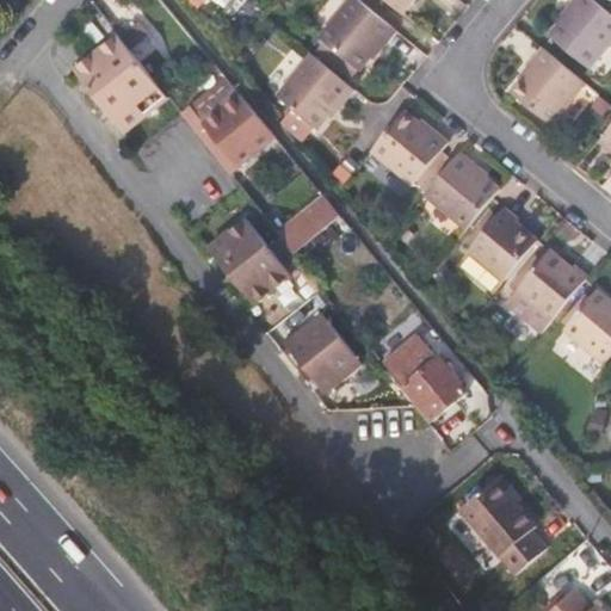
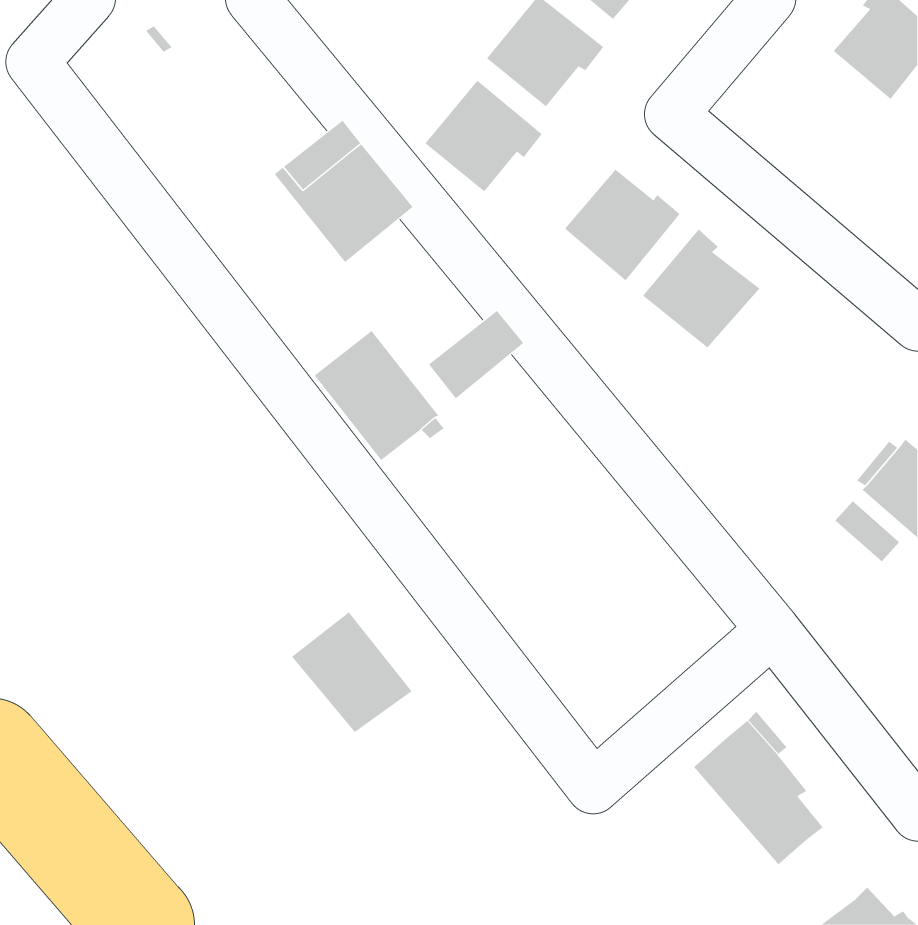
building: [72,35,167,134] -> none
building: [508,45,585,124] -> none
building: [473,206,539,276] -> none
building: [507,249,588,333] -> none
building: [280,313,360,393] -> [291,611,413,733]
building: [382,335,463,419] -> none

